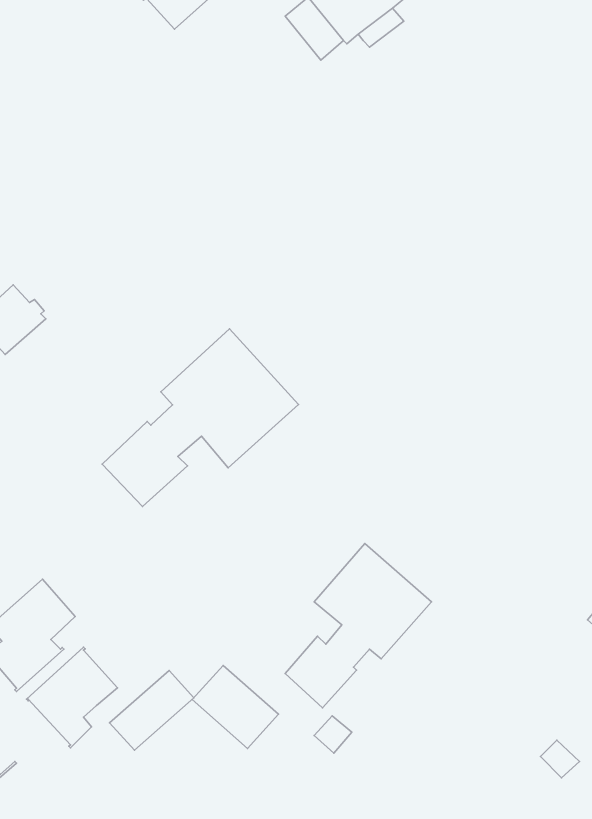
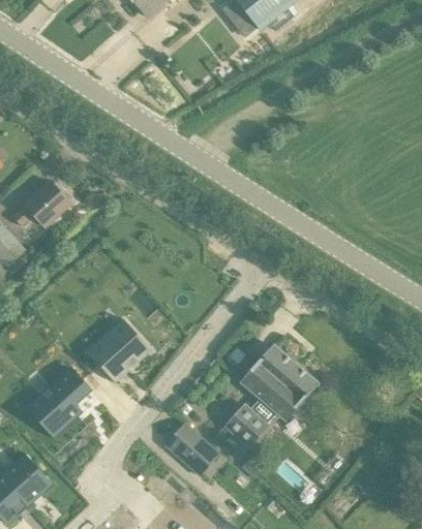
building: [102,329,299,507] -> none
building: [26,647,118,748] -> [87,319,145,383]
building: [110,671,194,750] -> none

